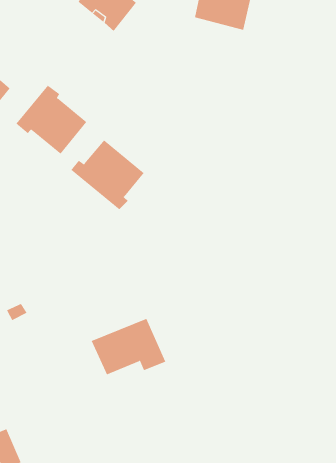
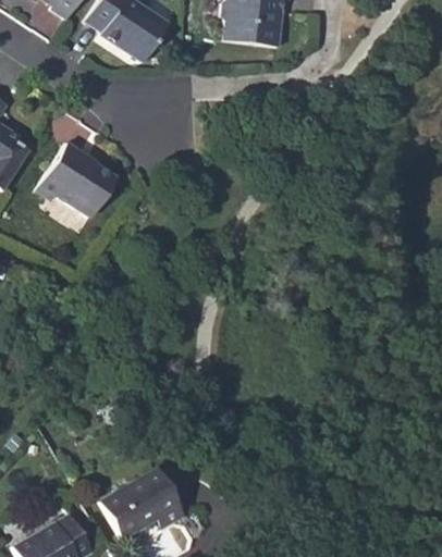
building: [70,139,145,210] -> none
building: [91,318,166,375] -> [102,471,188,540]

